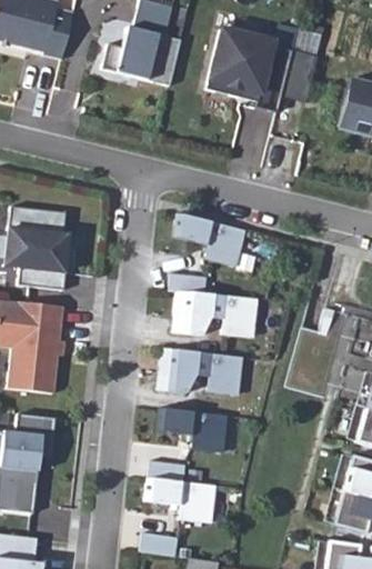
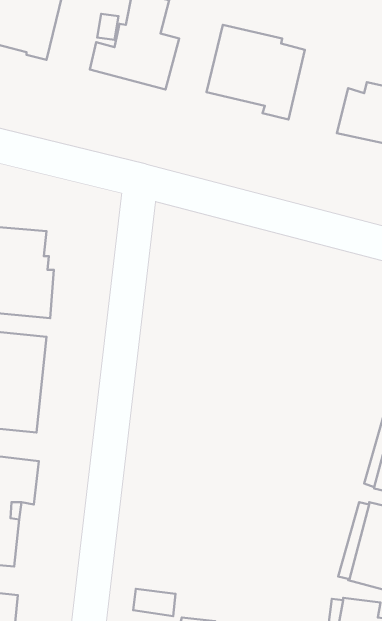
building: [173,212,245,266] -> none
building: [169,272,258,337] -> none
building: [157,347,243,395] -> none
building: [157,407,229,452] -> none
building: [144,459,217,521] -> none

